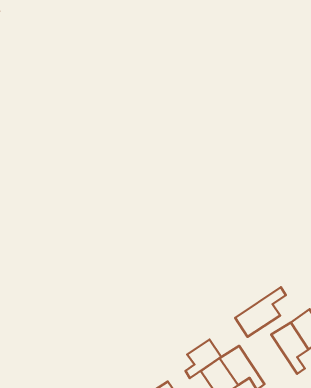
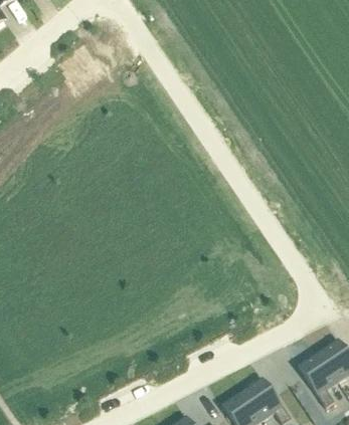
building: [235,287,286,337] -> none
building: [185,339,221,378] -> none

